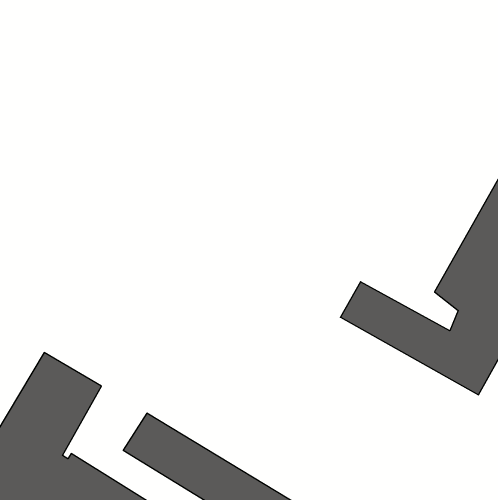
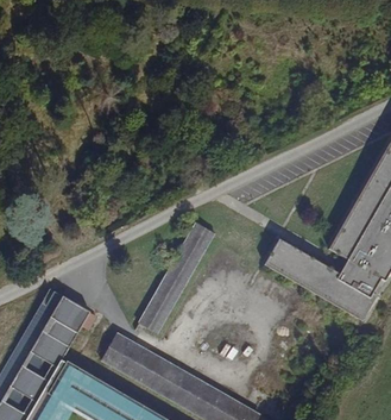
building: none -> [137,227,210,333]

